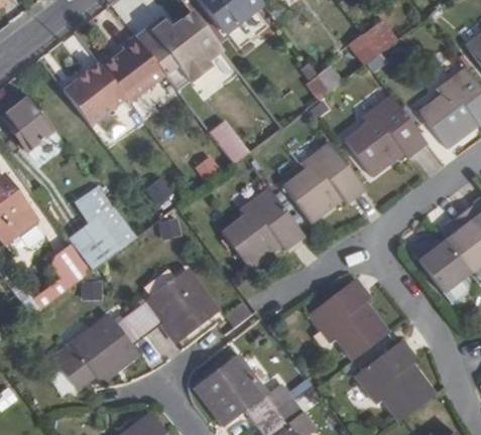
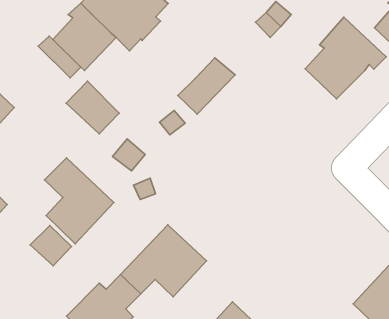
building: [63,74,113,127] -> [66,81,119,134]
building: [283,140,365,220] -> none
building: [225,185,306,265] -> none
building: [310,281,387,361] -> none

